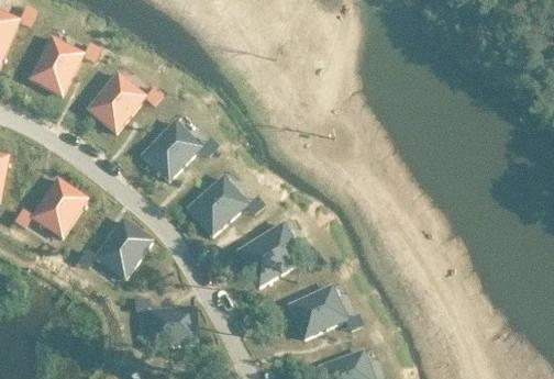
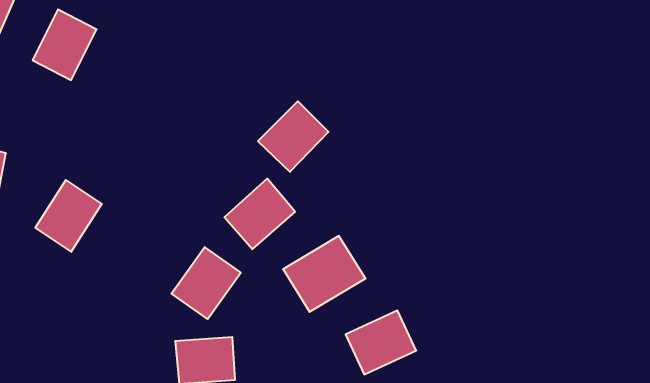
building: [87,74,145,133] -> none
building: [142,122,200,180] -> [258,101,329,172]
building: [95,220,152,279] -> [171,247,241,319]

